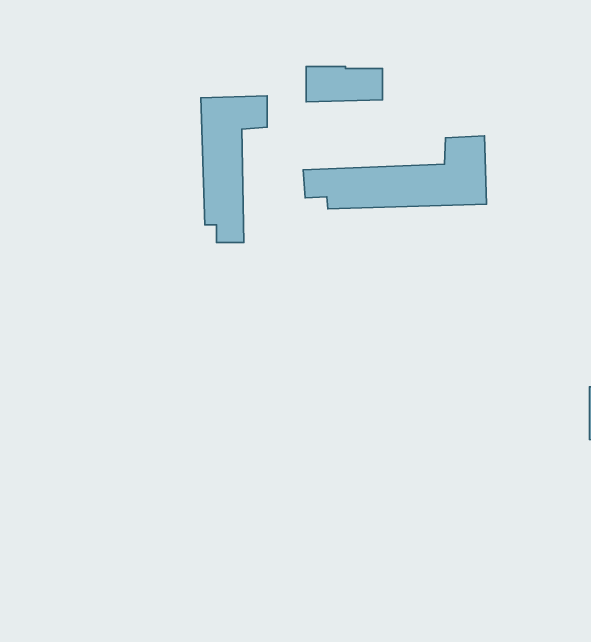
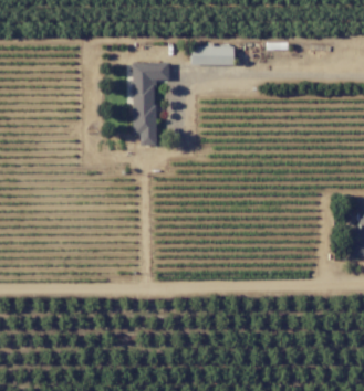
building: [303,136,486,209] -> none

